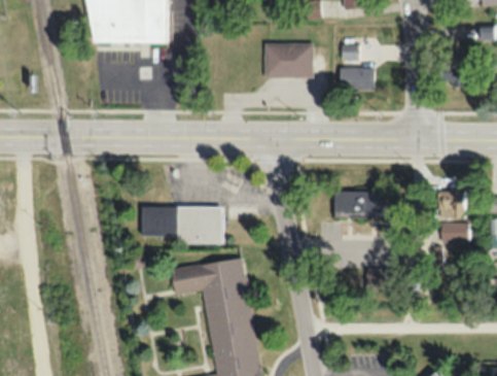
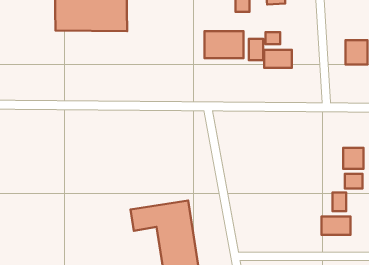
building: none -> [249,39,263,60]
building: [333,191,384,217] -> none
building: [141,206,222,245] -> none
building: none -> [321,217,351,235]

